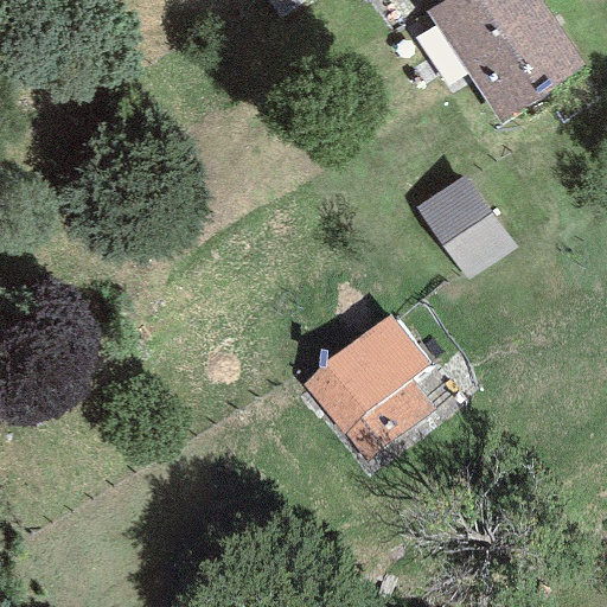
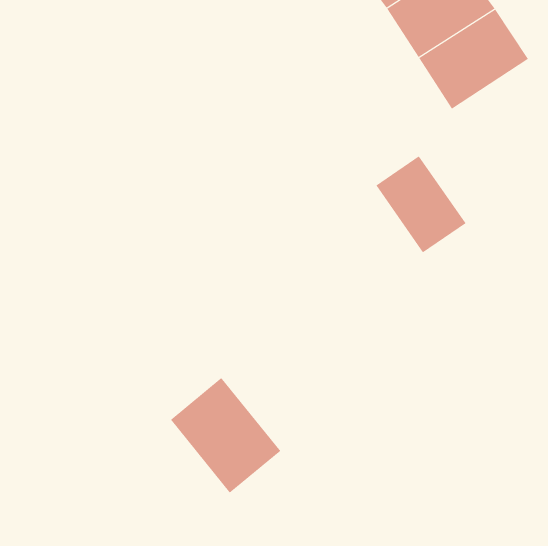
building: [304,314,433,460] -> none
building: none -> [170,377,281,493]

